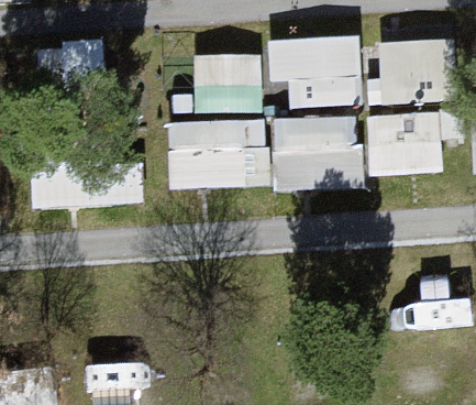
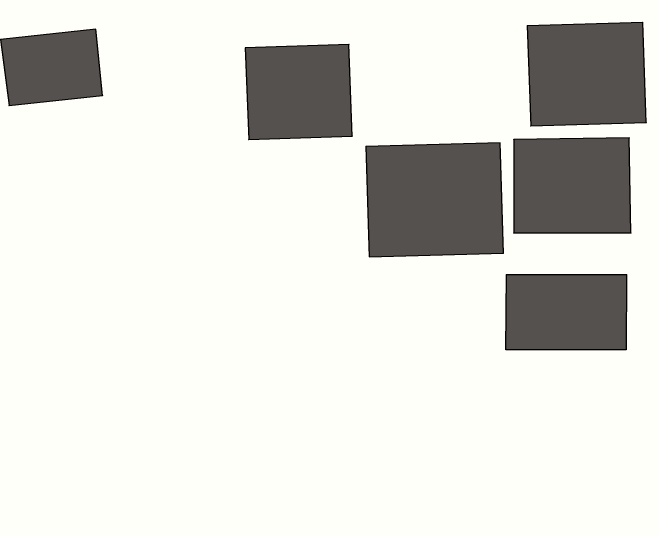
building: [277,34,362,108] -> none
building: [168,118,266,188] -> none
building: none -> [506,275,627,350]

